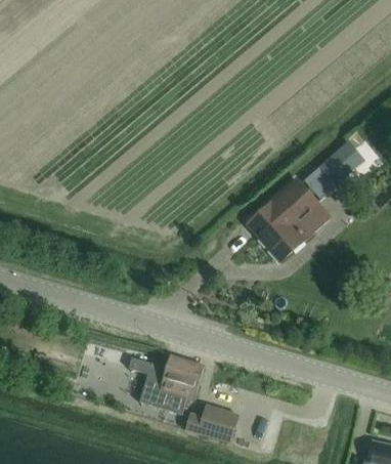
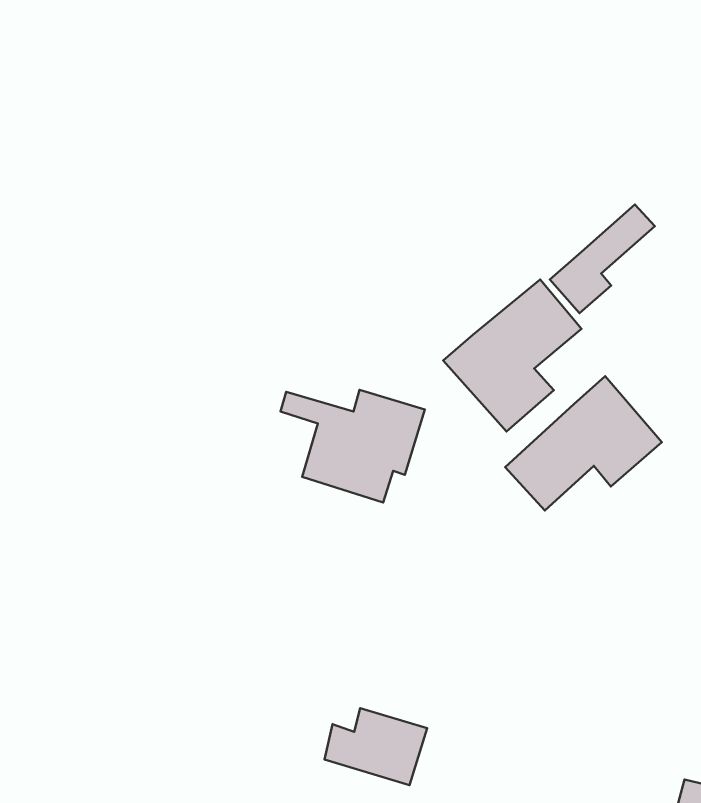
building: none -> [505,376,662,510]
building: [128,356,203,415] -> [280,390,425,502]

